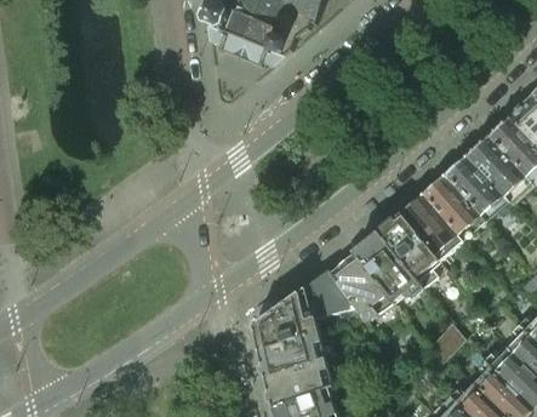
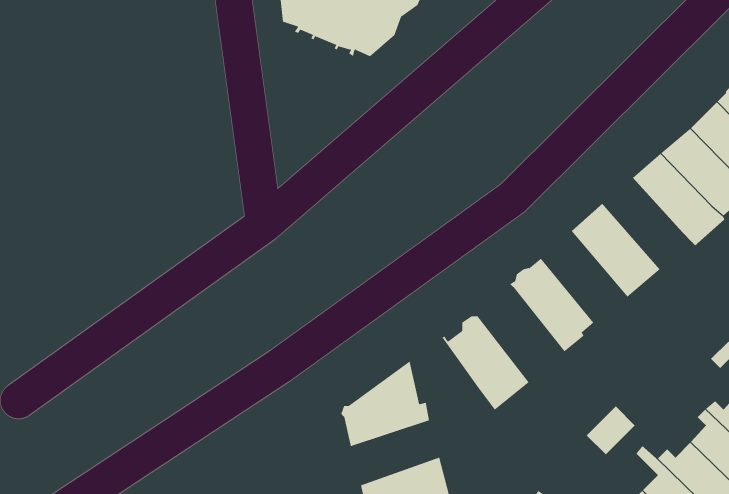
building: [442,155,508,222] -> none
building: [398,194,461,262] -> none
building: [352,235,419,305] -> none
building: [302,272,352,320] -> none
building: [258,332,324,379] -> none

